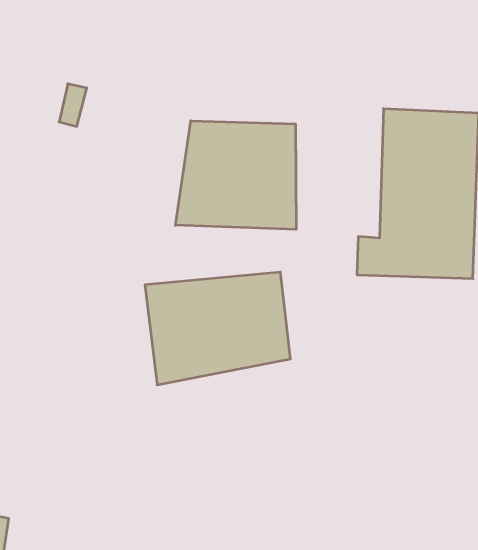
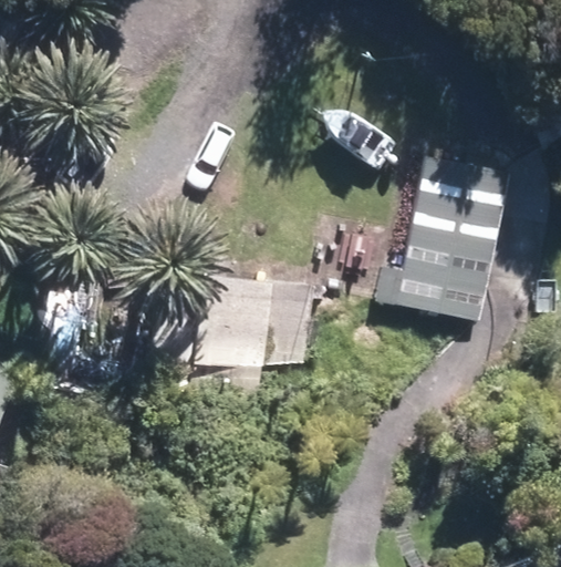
building: [175,121,296,229] -> none

